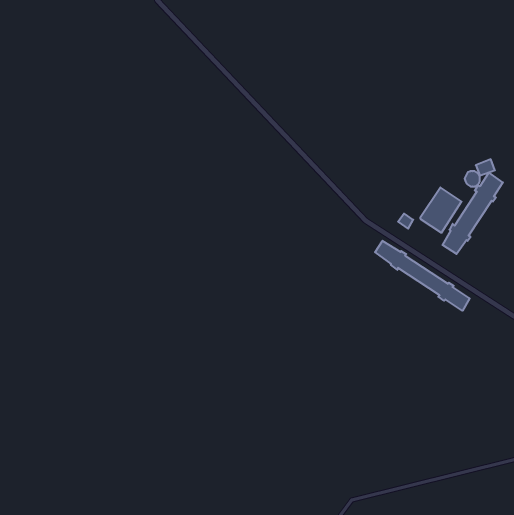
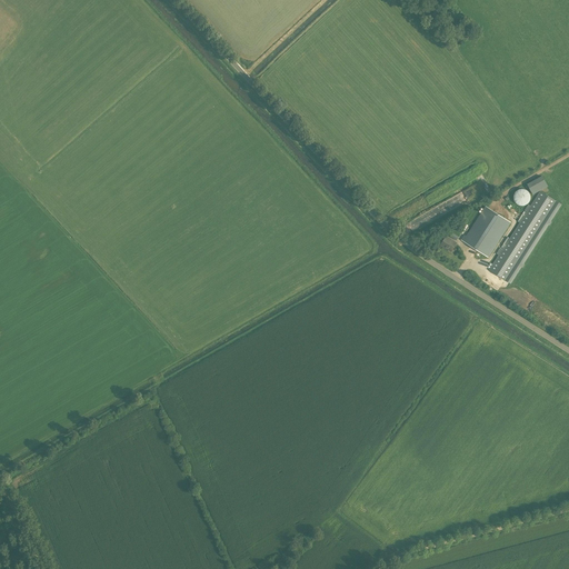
building: [375,241,470,311] -> none

